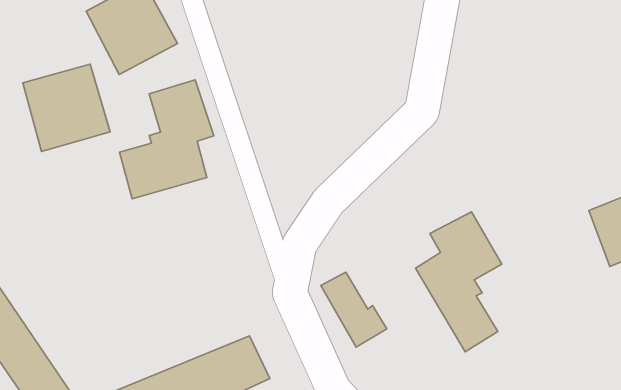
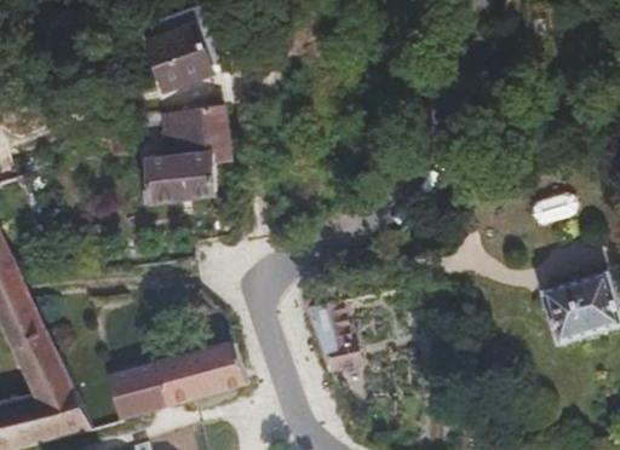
building: [23,64,110,152] -> none
building: [415,212,502,352] -> none

